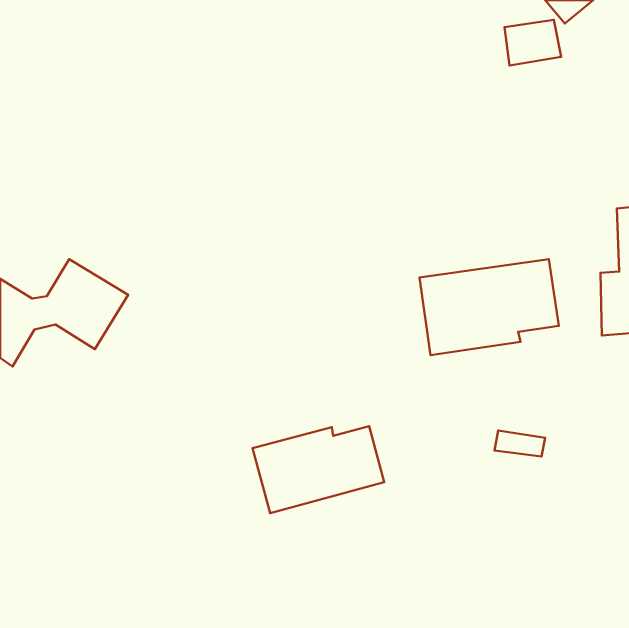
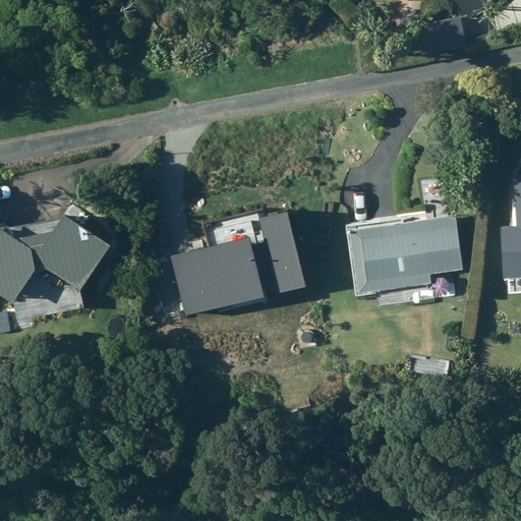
building: none -> [176,208,312,312]
building: [252,426,384,513] -> none

